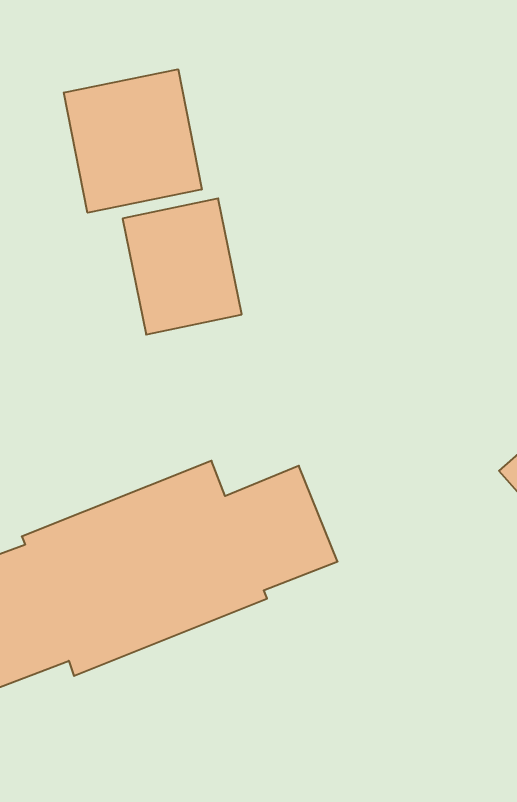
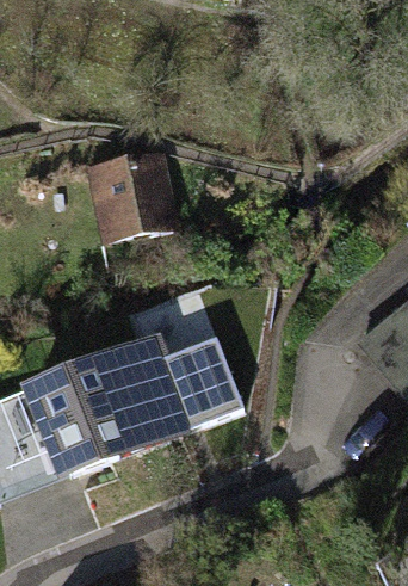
building: [64,69,202,213] -> none

